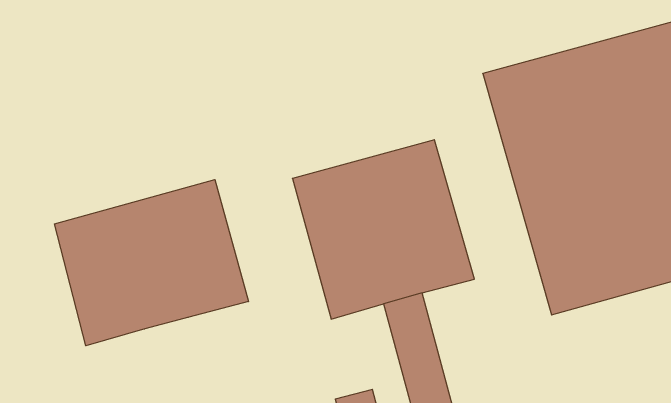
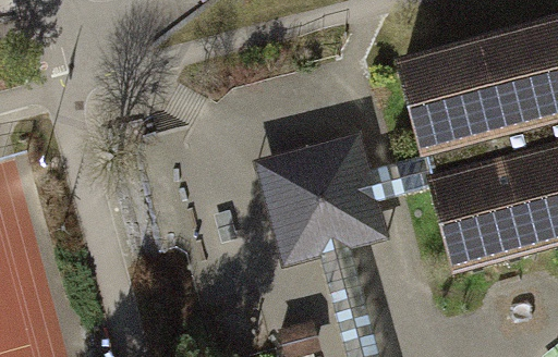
building: [54,180,248,346] -> none

